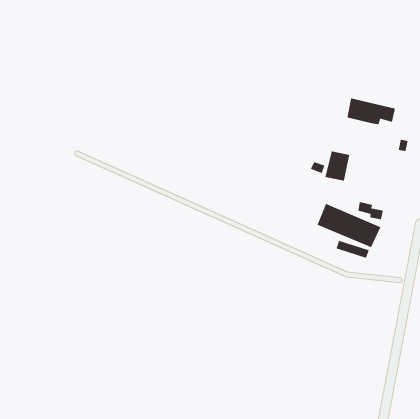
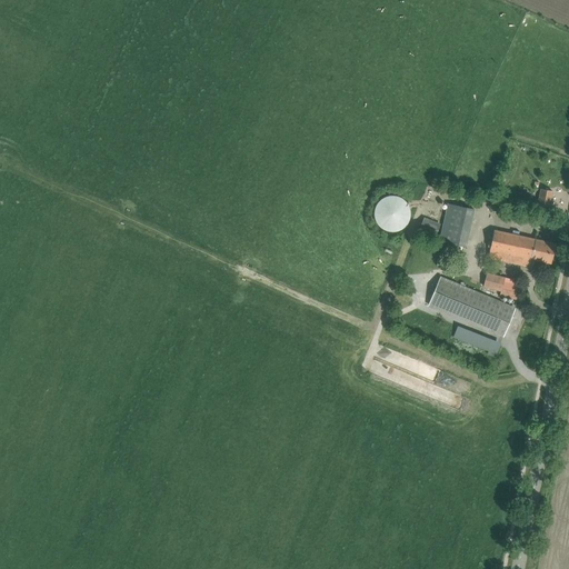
building: [346,97,396,125] -> [488,229,555,267]
building: none -> [378,193,413,231]

